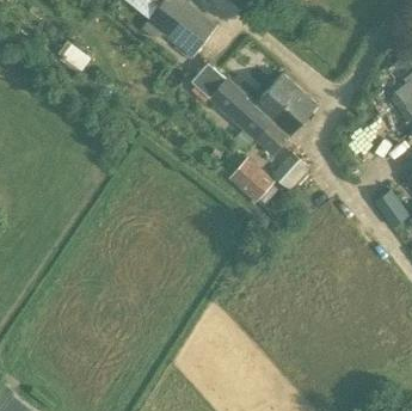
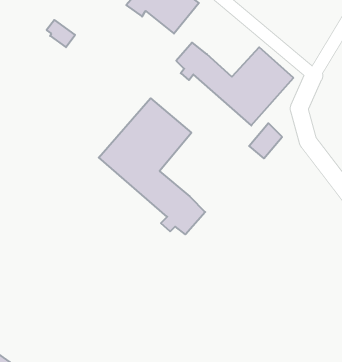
building: none -> [99,98,205,234]
building: [232,160,273,202] -> none

